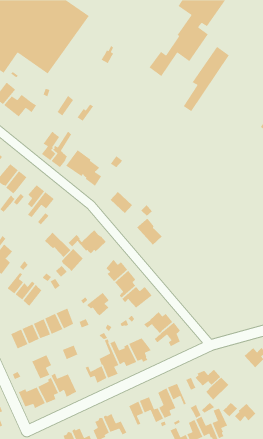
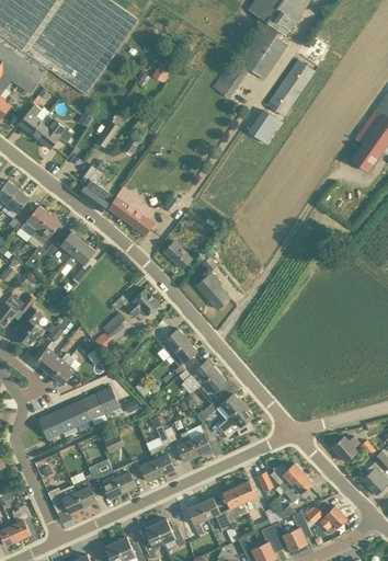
building: [44,232,71,258] -> none
building: [86,292,110,316] -> [196,371,226,402]
building: [31,354,52,379] -> [112,461,138,493]

